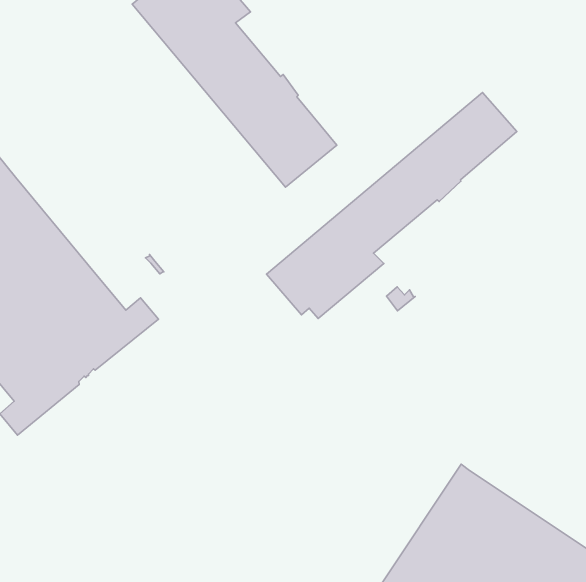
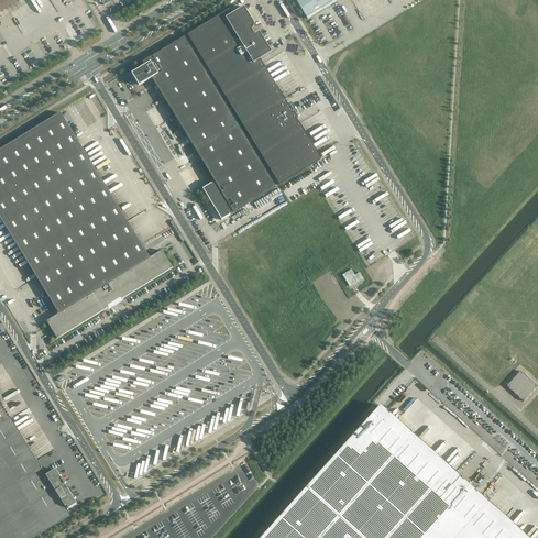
building: none -> [132,36,274,219]
building: [267,92,517,318] -> none

